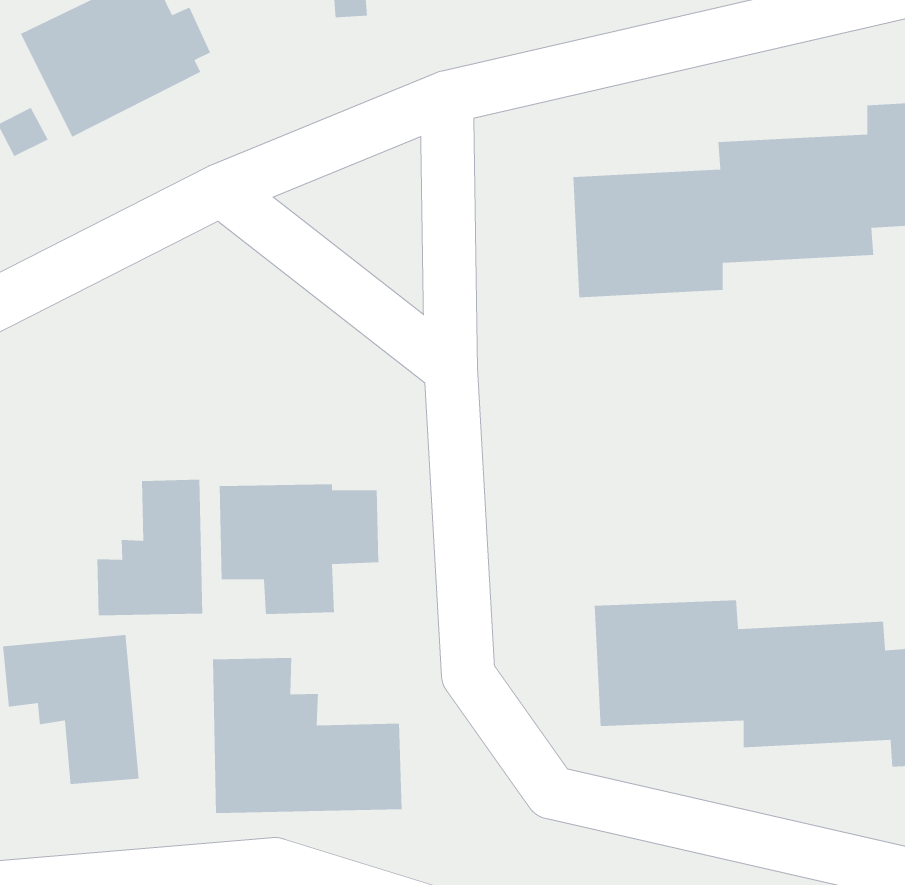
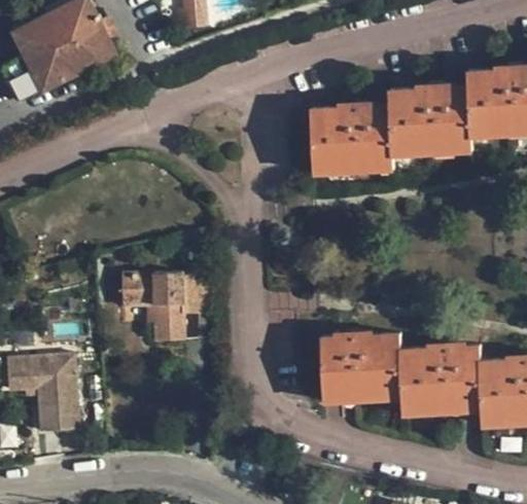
building: [97,479,203,616] -> none
building: [212,657,403,814] -> none

